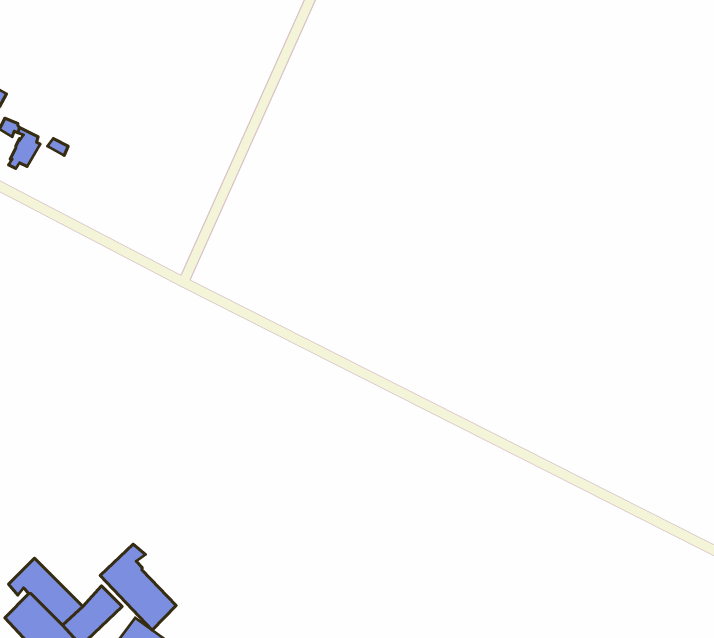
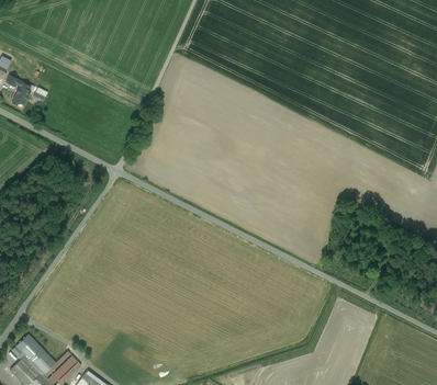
building: [100,544,176,630] -> none

